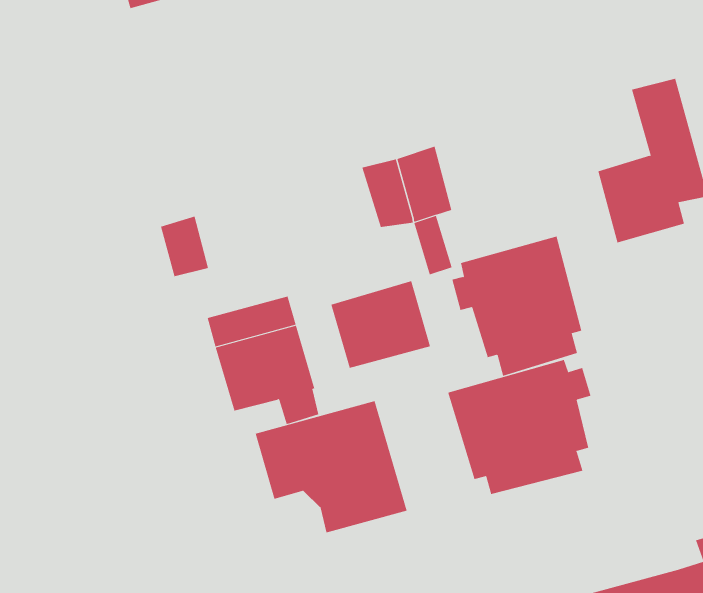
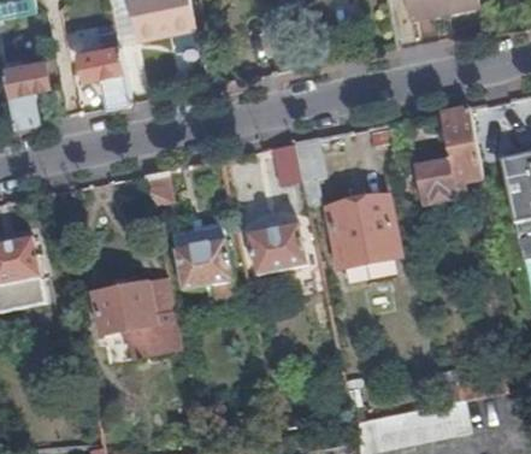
building: none -> [78,47,131,108]
building: [447,359,591,495] -> none
building: [255,400,407,533] -> [92,279,181,358]

